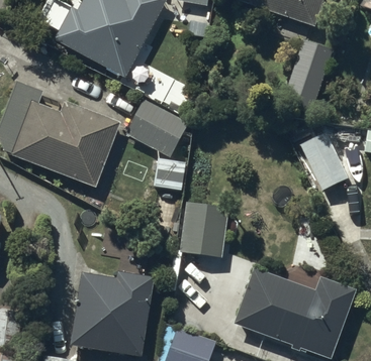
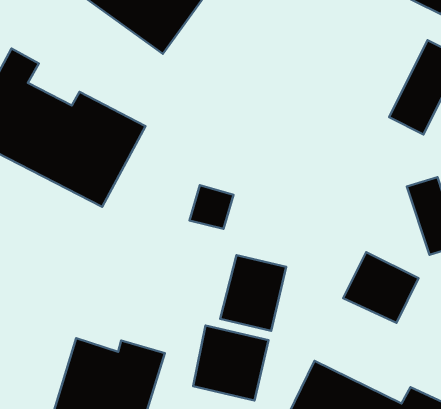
building: [130,104,186,154] -> none
building: none -> [343,252,418,323]
building: none -> [193,326,269,400]

